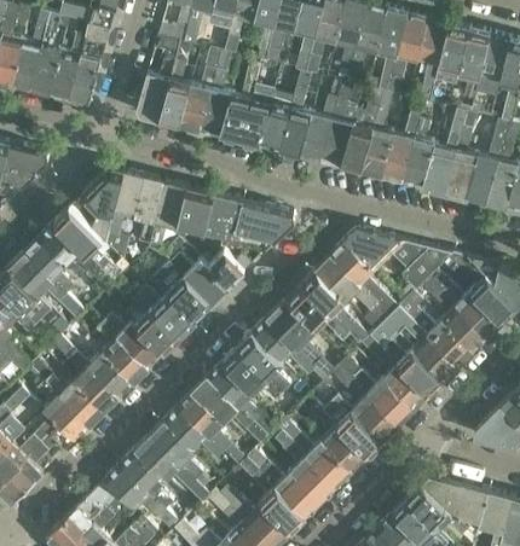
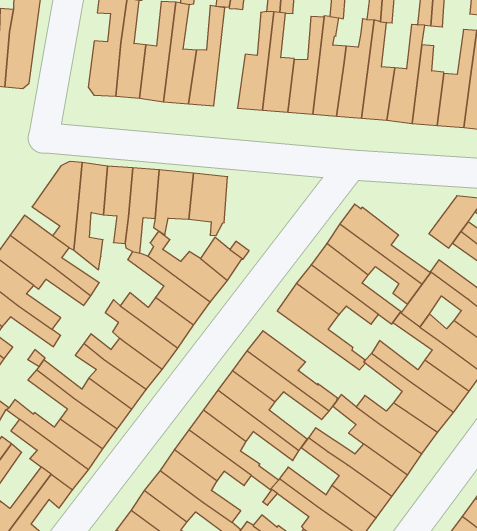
building: [239,63,272,147] -> none
building: [232,203,294,255] -> none
building: [343,231,429,273] -> none
building: [252,320,327,389] -> none

